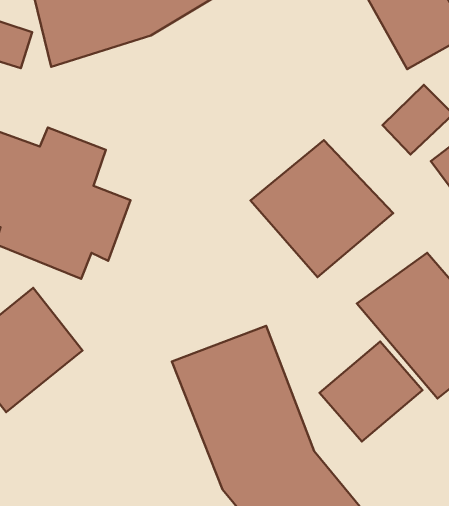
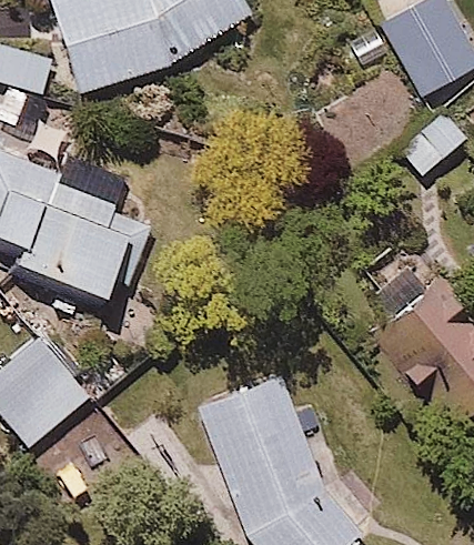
building: [250,140,393,277] -> none
building: [319,341,422,441] -> none

